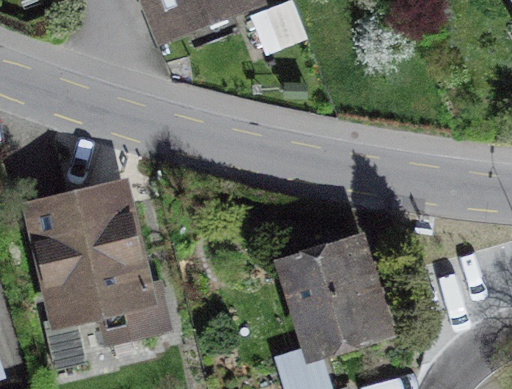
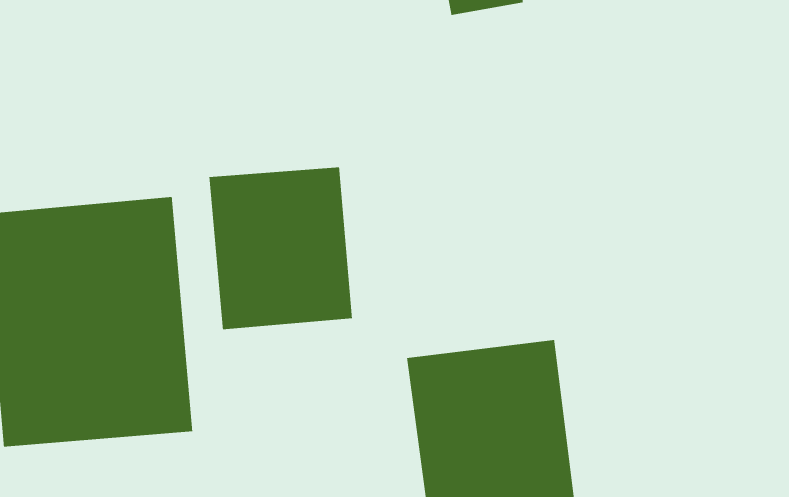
building: none -> [209,167,353,330]

